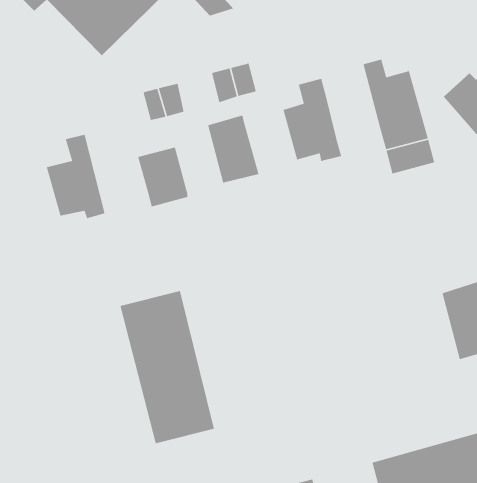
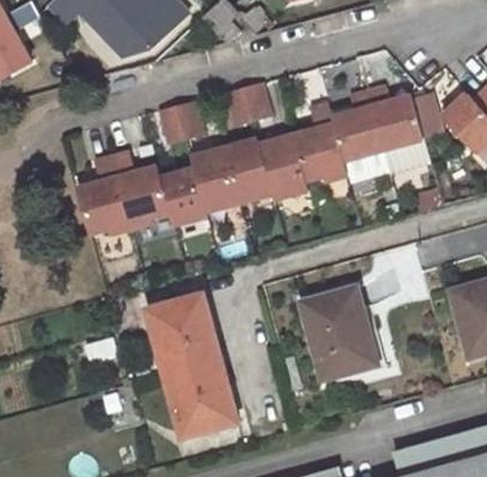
building: none -> [341,83,391,153]
building: none -> [265,126,316,191]
building: none -> [198,140,245,204]
building: none -> [117,144,175,223]
building: none -> [294,287,372,382]

